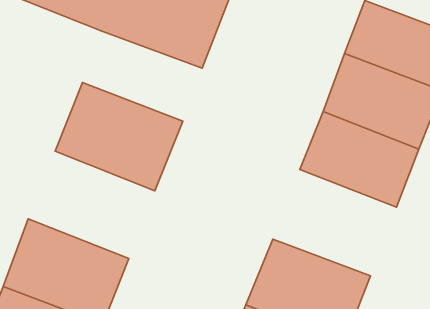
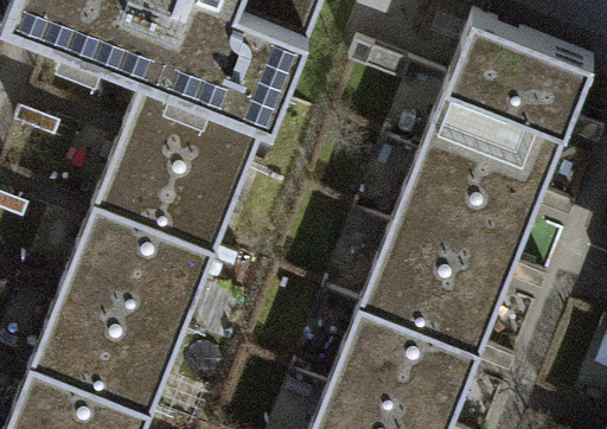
building: none -> [122,65,269,175]
building: none -> [56,212,211,344]
building: none -> [356,235,507,365]

